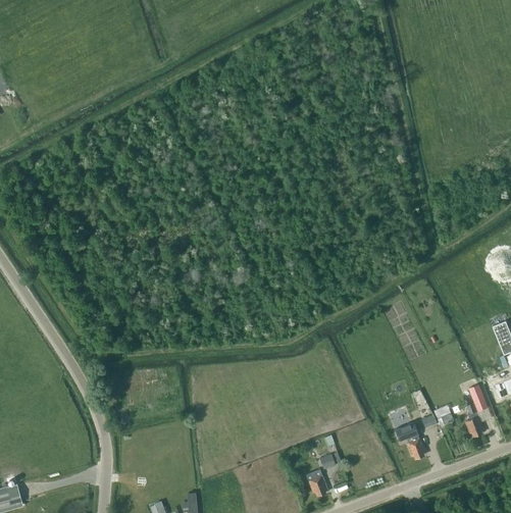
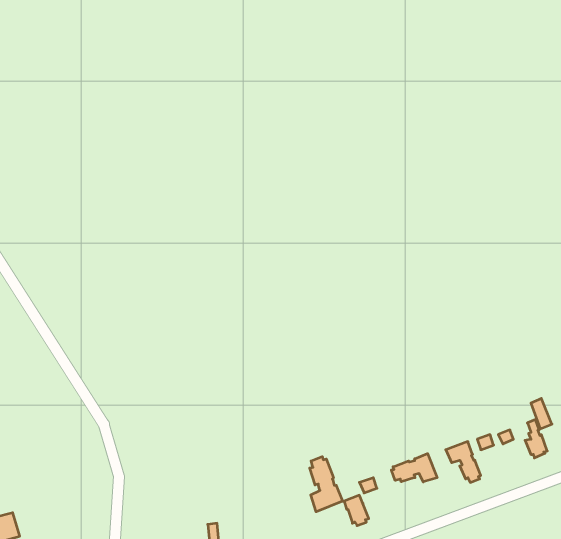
building: none -> [391,454,437,482]
building: none -> [310,457,343,512]

